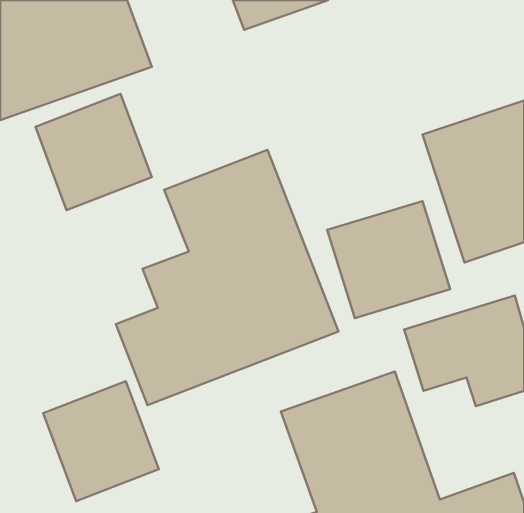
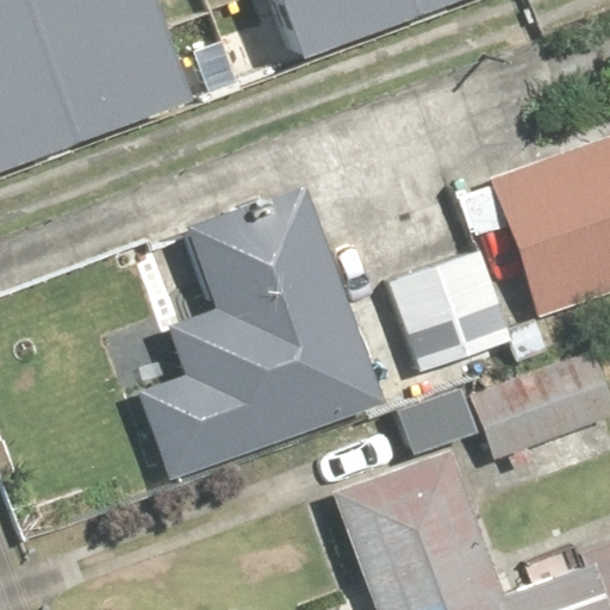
building: [35,94,152,210] -> none
building: [43,381,159,501] -> none

